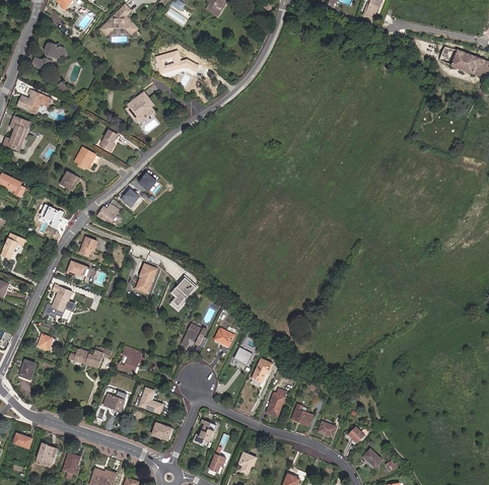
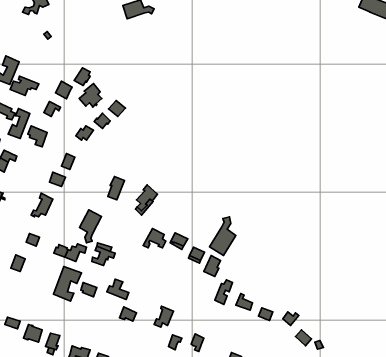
building: [18,92,53,116] -> [10,76,39,95]
building: [123,96,150,125] -> [79,83,102,107]
building: none -> [8,109,30,139]
building: none -> [80,210,102,243]
building: none -> [210,217,236,255]
building: none -> [53,267,82,301]

